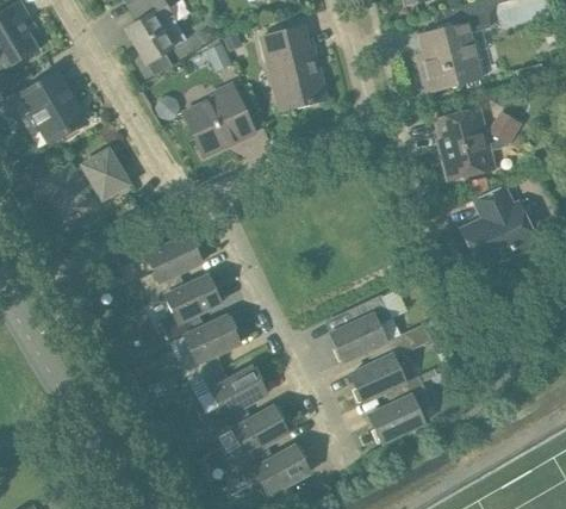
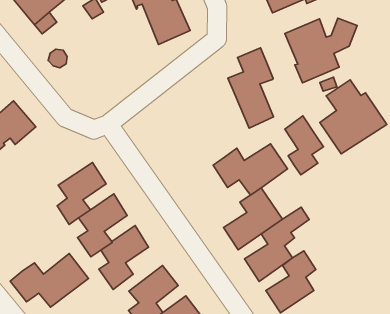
building: [184,83,255,156] -> none
building: none -> [228,48,273,128]
building: none -> [285,116,324,175]
building: none -> [213,144,288,195]
building: none -> [10,254,88,307]

